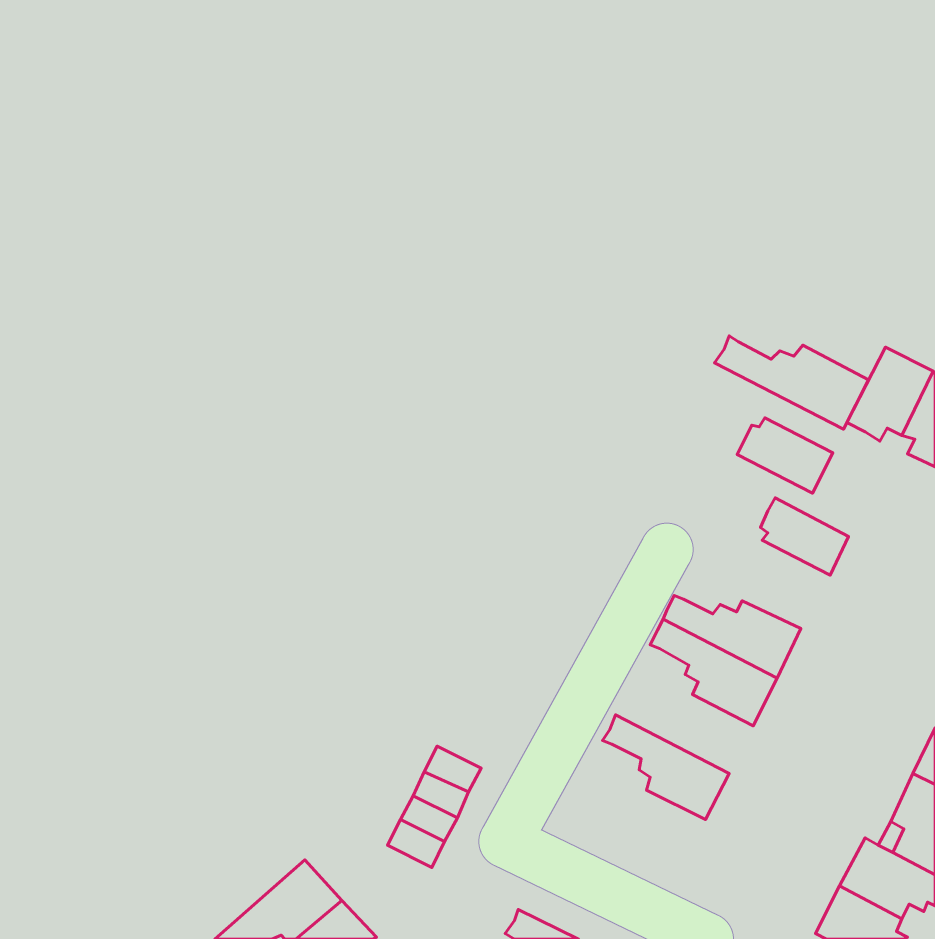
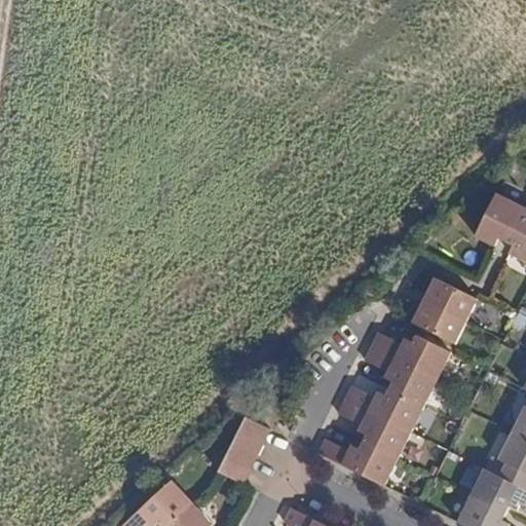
building: [715,336,869,429] -> none
building: [737,418,833,493] -> [411,302,464,344]
building: none -> [344,386,421,433]
building: none -> [317,440,394,485]

